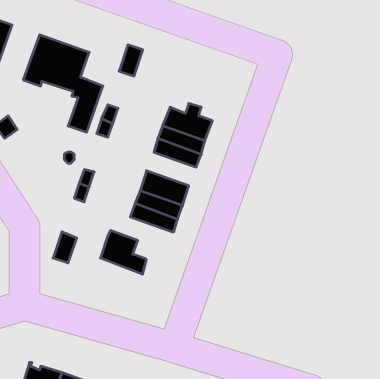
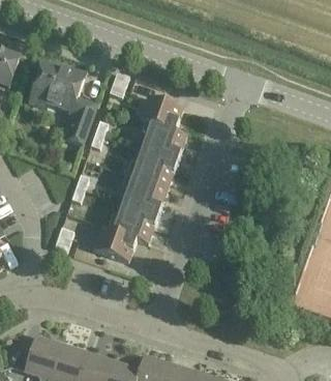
building: none -> [139,94,182,127]
building: none -> [131,159,173,187]
building: none -> [113,213,153,248]

